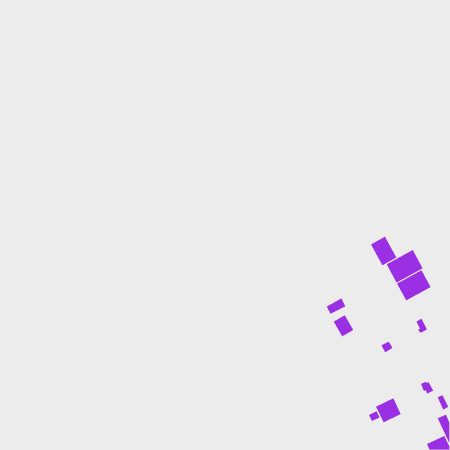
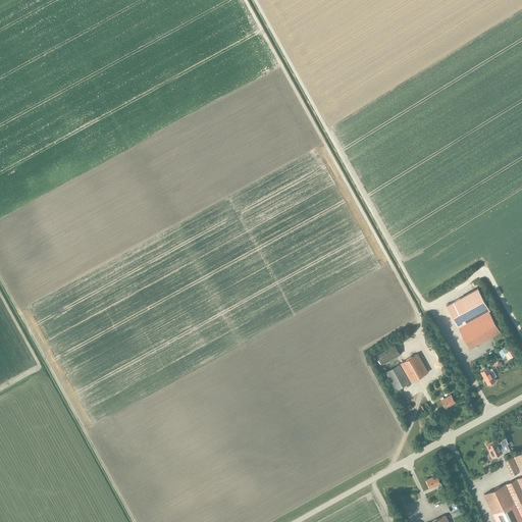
building: [370,236,397,266] -> none
building: none -> [401,354,428,381]
building: [375,398,402,423] -> [484,484,515,514]

